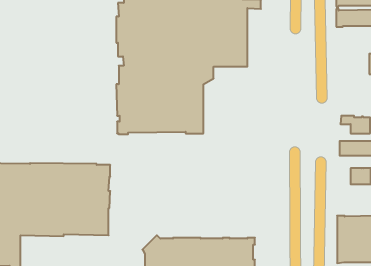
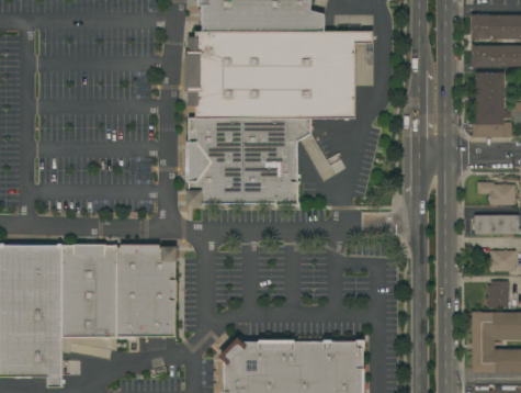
building: none -> [472,72,510,138]
building: none -> [487,281,508,308]

